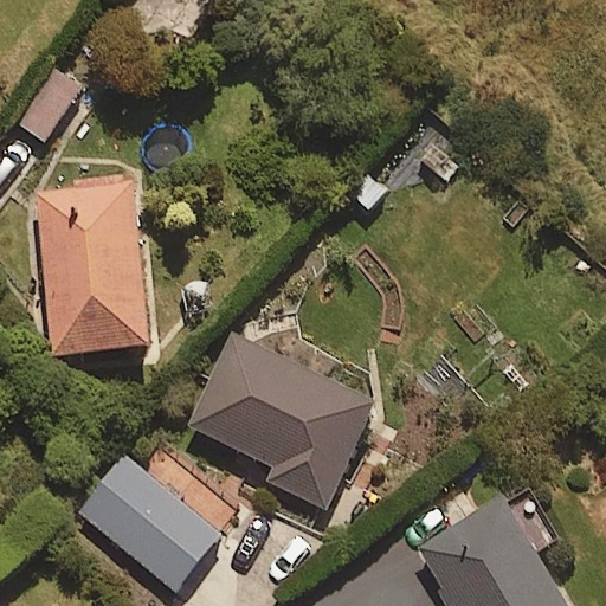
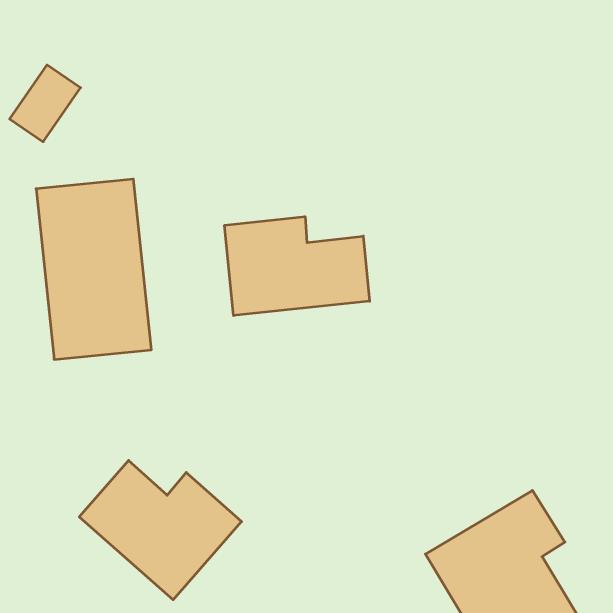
building: none -> [225,217,370,316]
building: [189,335,374,507] -> none

